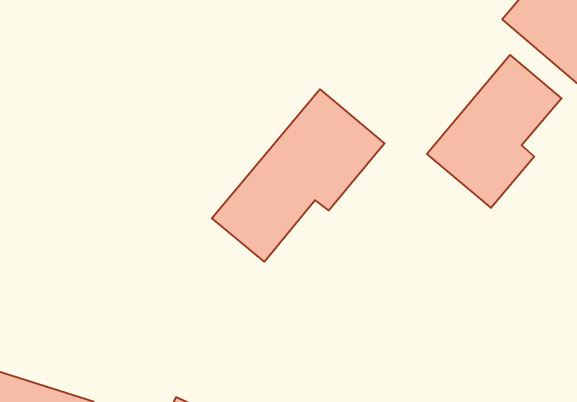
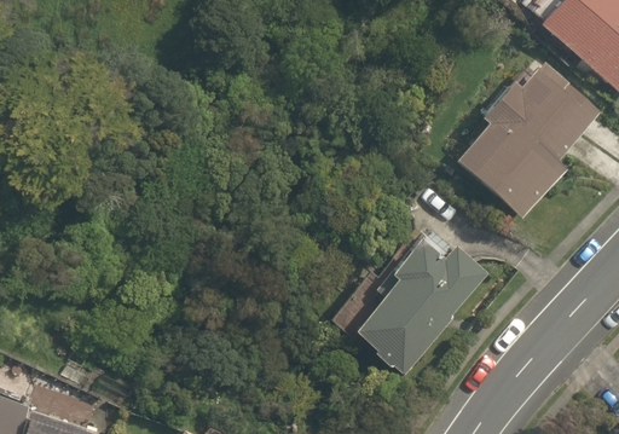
building: [212,89,385,262] -> none
building: none -> [348,243,490,378]

